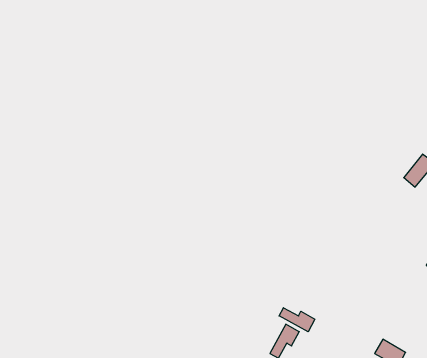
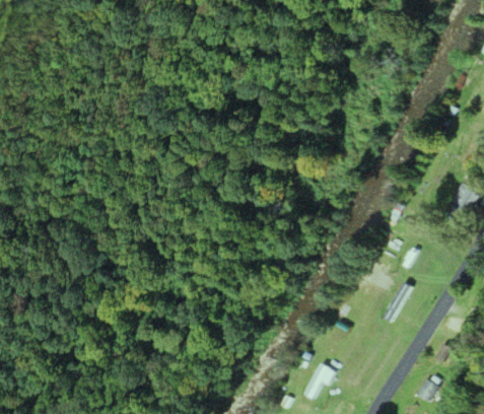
building: [279,308,315,332] -> none

